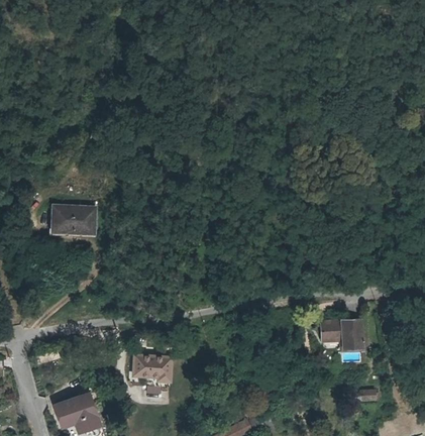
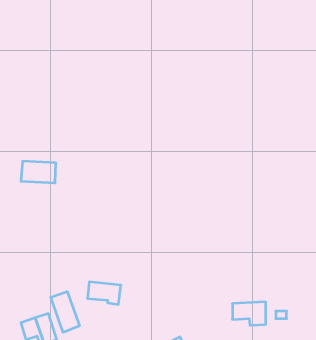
building: [320,318,360,346] -> [232,302,266,325]
building: none -> [51,292,79,332]

